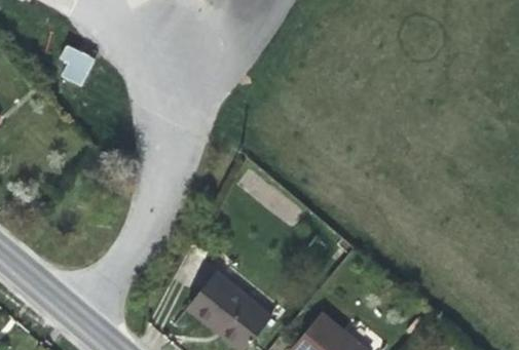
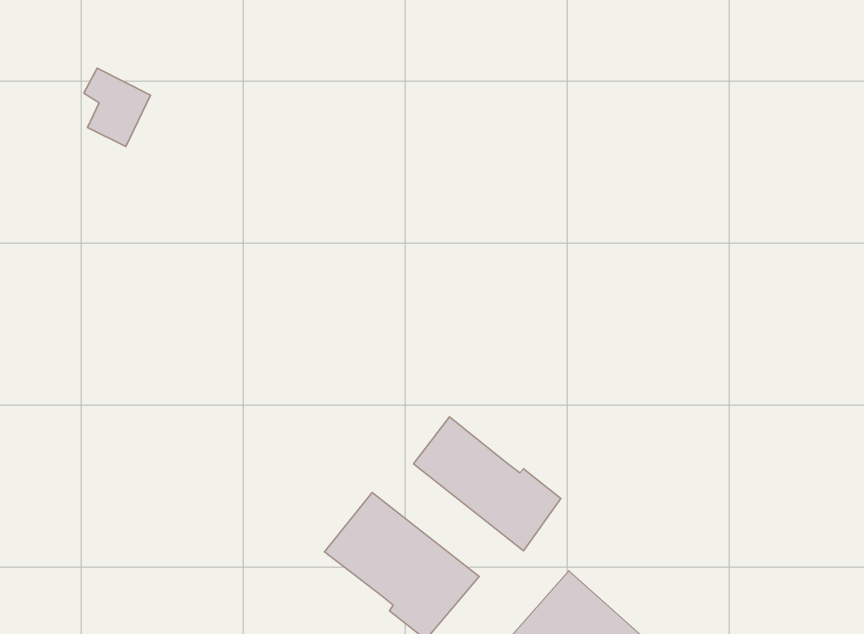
building: none -> [414,417,561,551]

